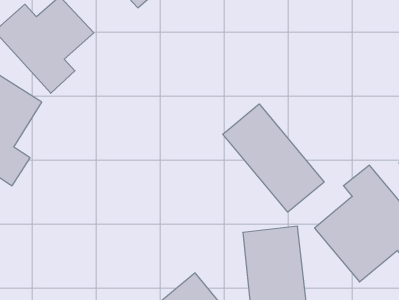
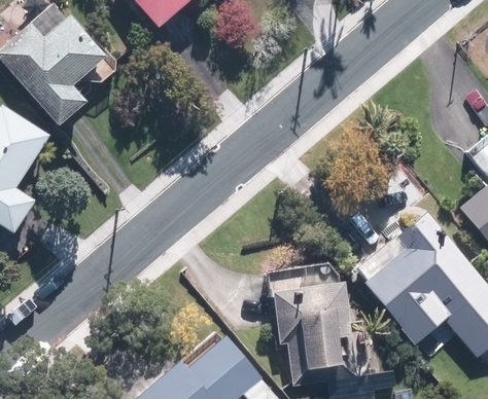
building: [223,104,324,212] -> none

